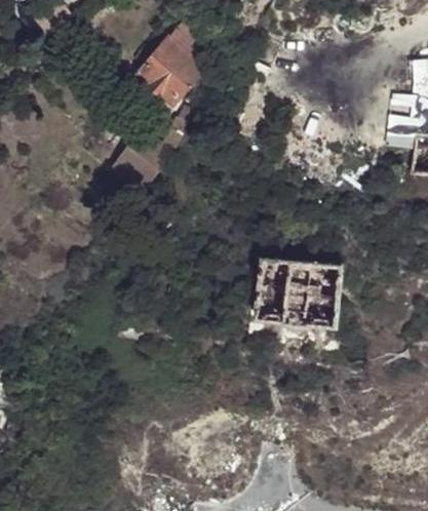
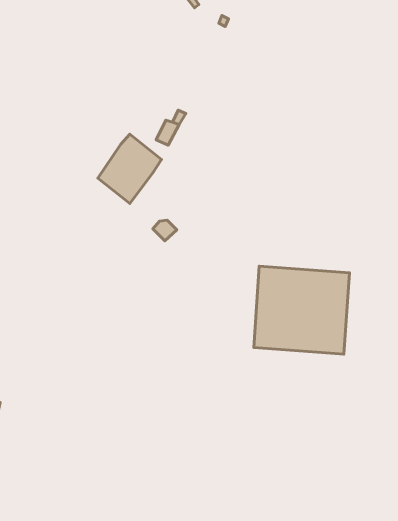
building: [134,26,207,107] -> none

